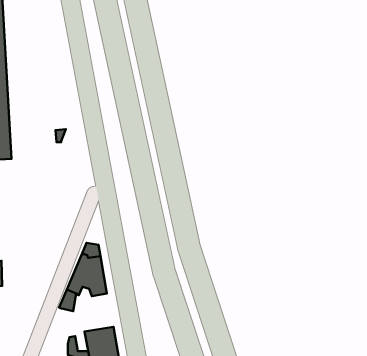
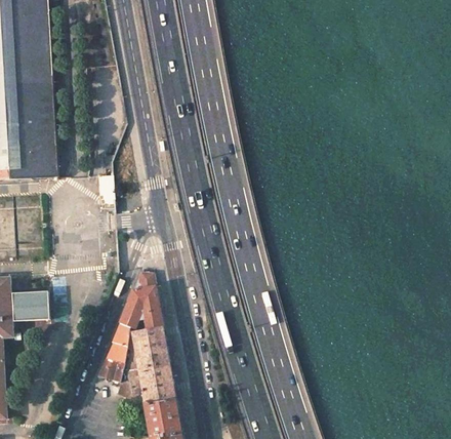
building: none -> [132,326,170,368]
building: none -> [98,343,126,382]

